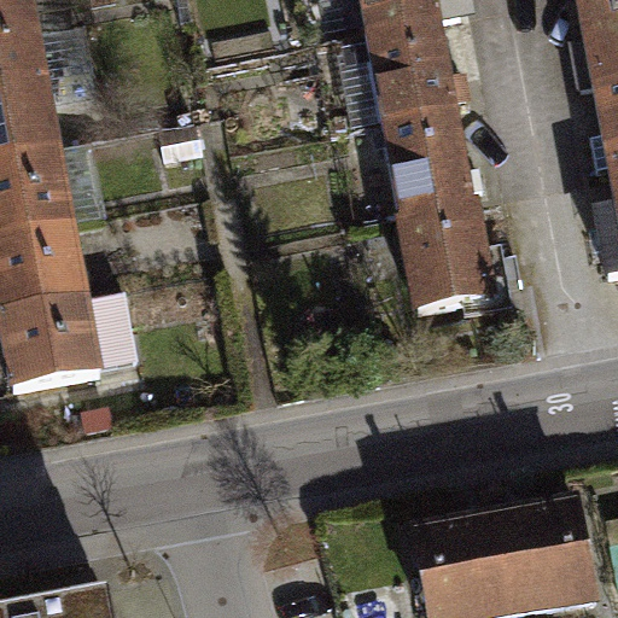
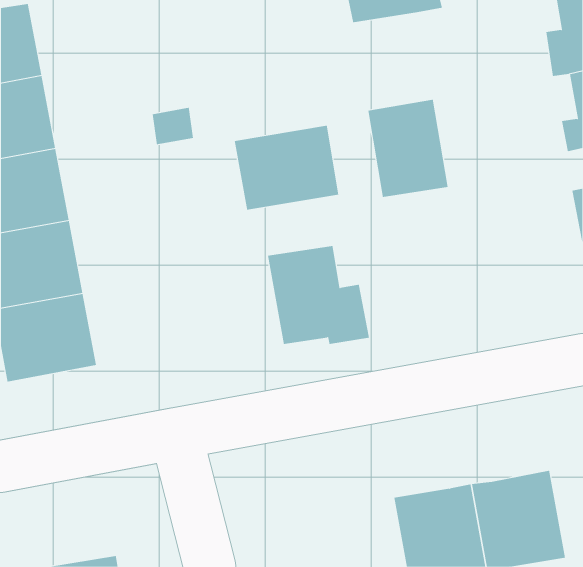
building: [373,13,459,117] -> none
building: none -> [234,125,339,210]
building: [404,198,513,303] -> [267,245,370,345]

